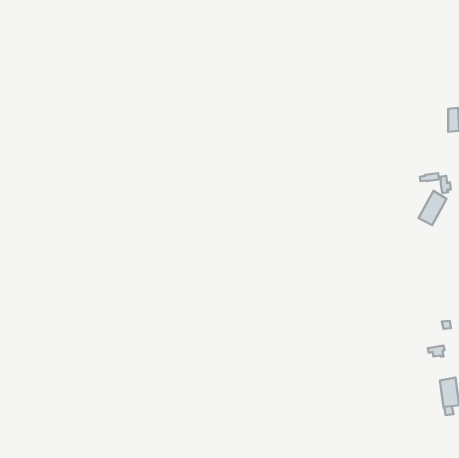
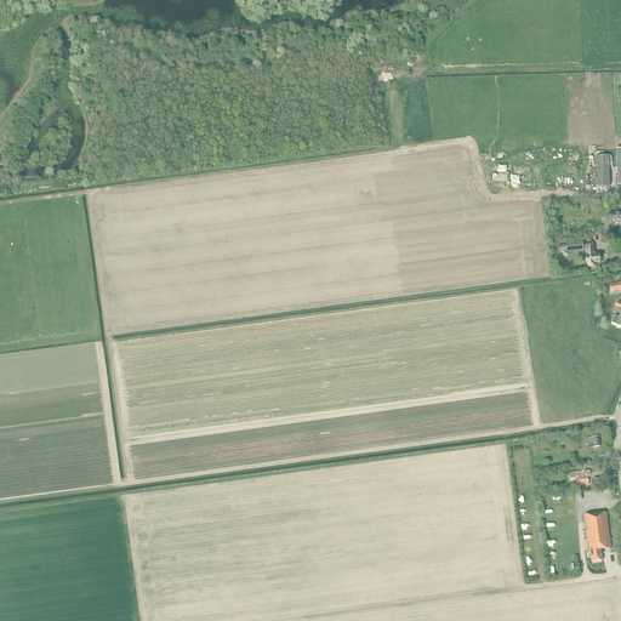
building: [419,191,447,225] -> none

